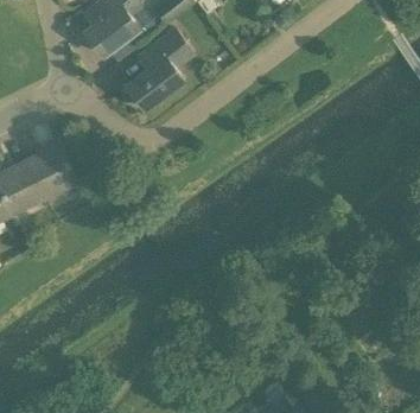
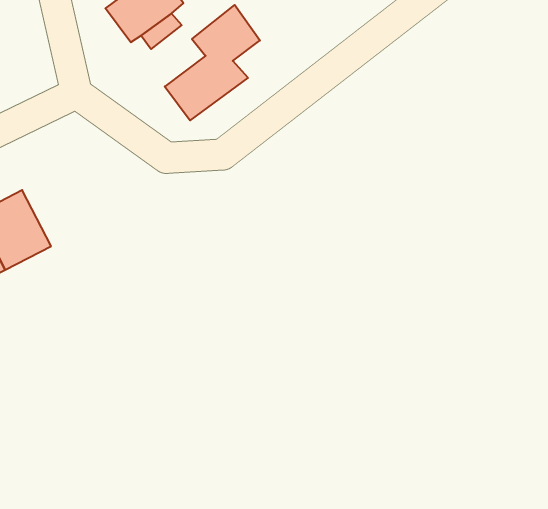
building: [25,145,76,199] -> none

